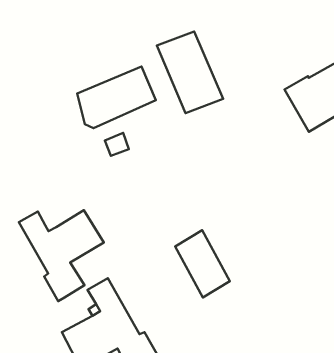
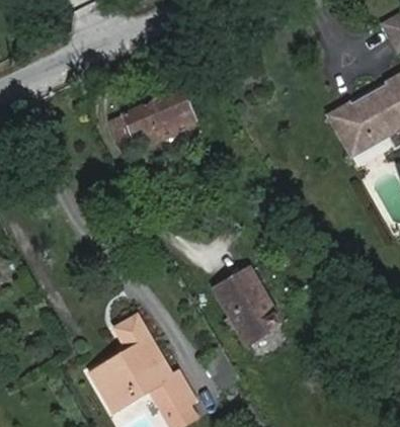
building: [157,31,223,113] -> none
building: [19,210,104,301] -> none

